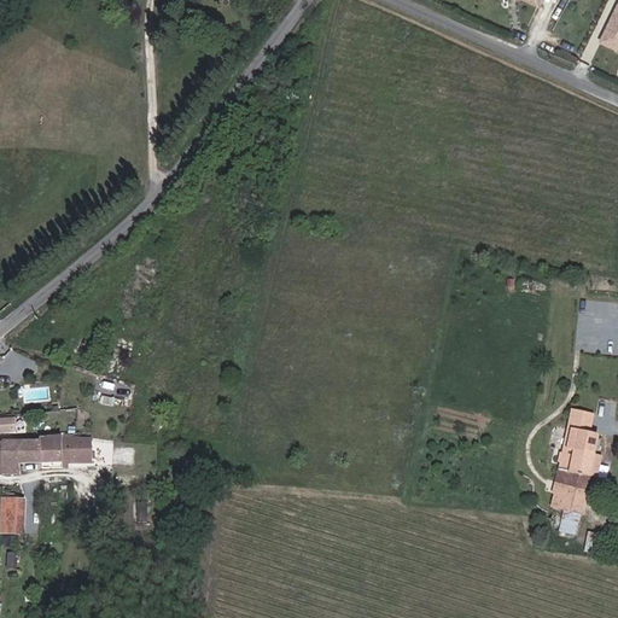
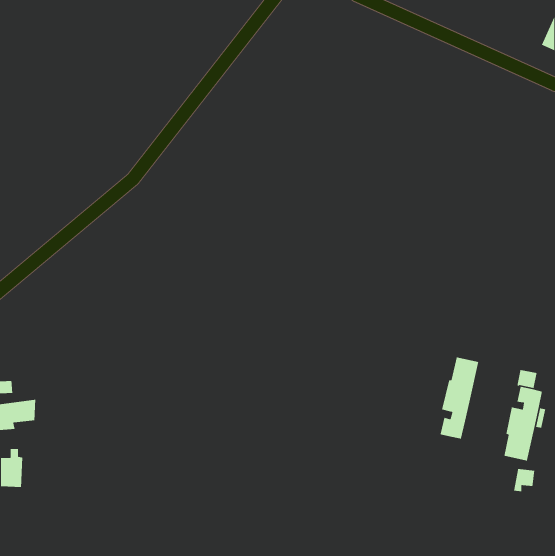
building: none -> [439,356,479,439]
building: [39,437,94,462] -> none

